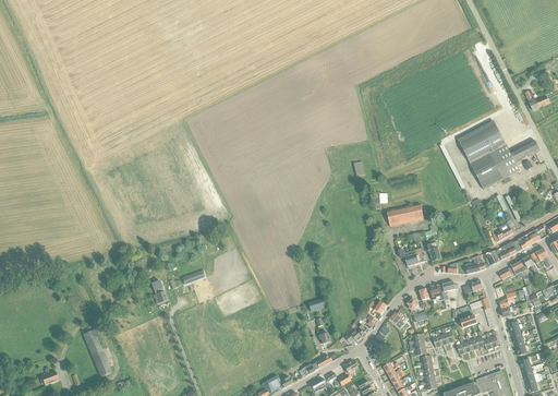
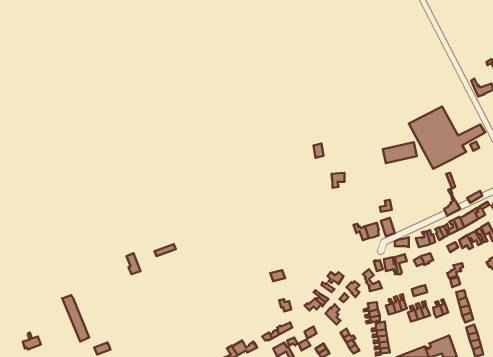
building: [387,202,424,225] -> [383,142,417,163]

